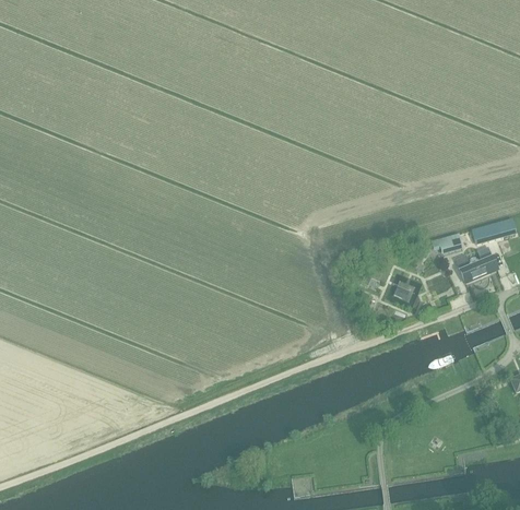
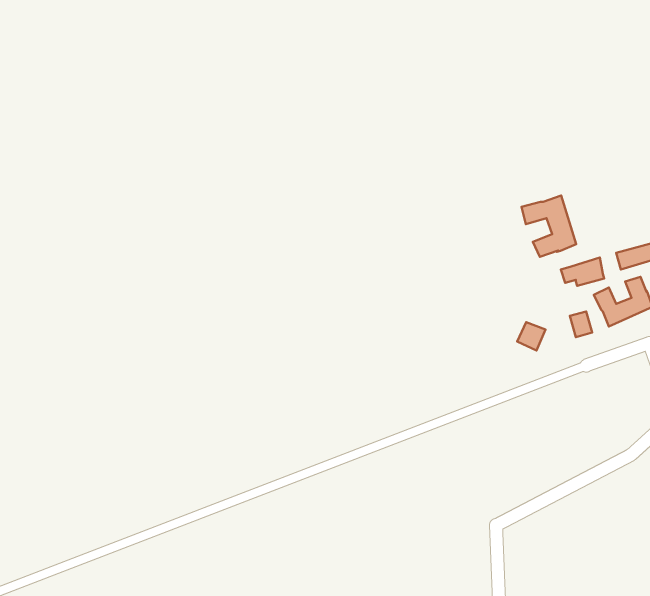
building: none -> [521,195,576,257]

